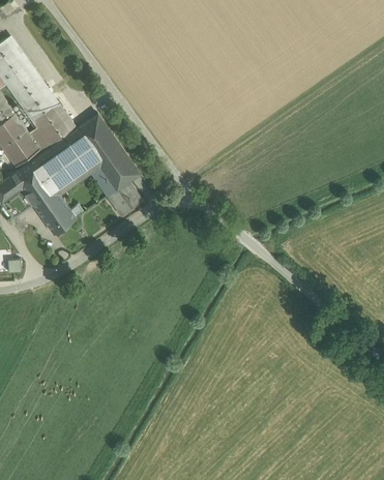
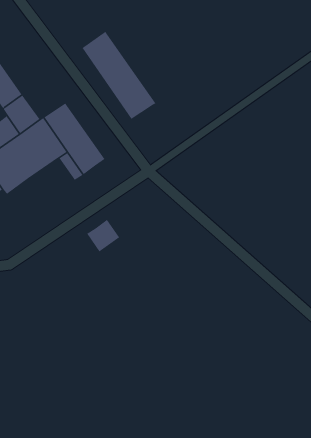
building: none -> [82,31,156,120]
building: [108,180,143,215] -> [86,219,120,253]
building: [37,193,77,234] -> none

